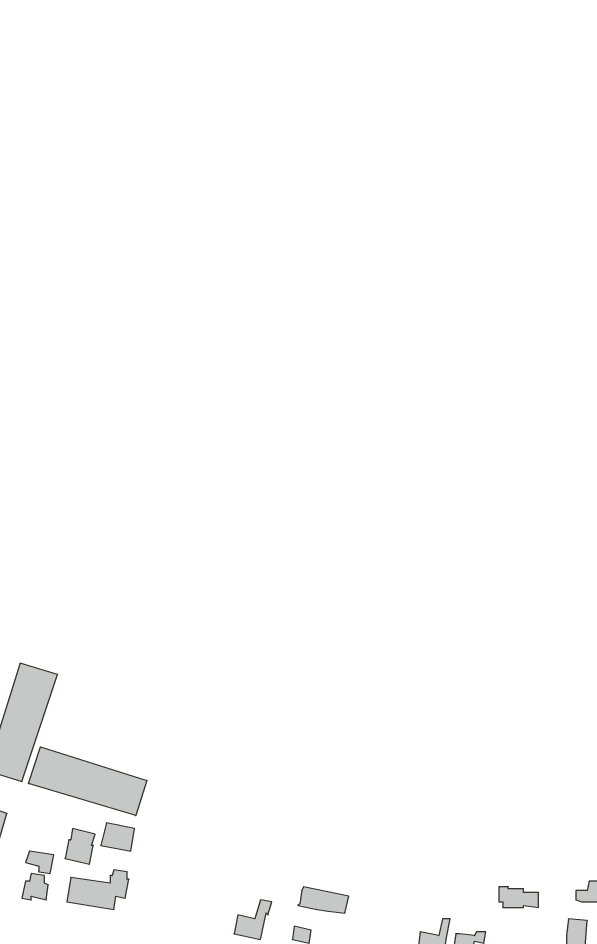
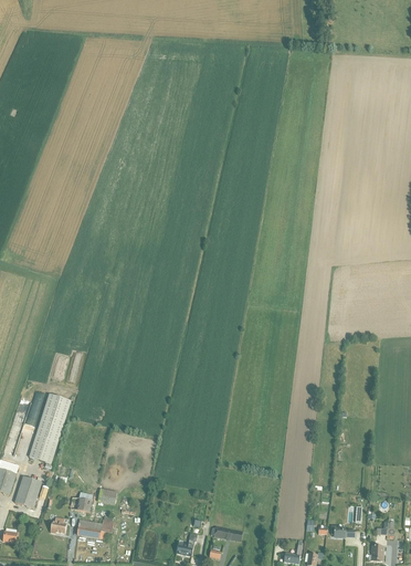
building: [28,747,147,816] -> none

